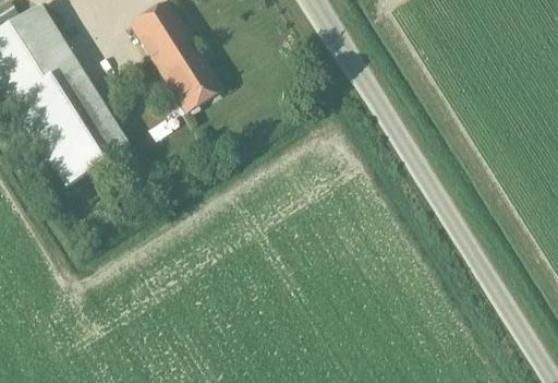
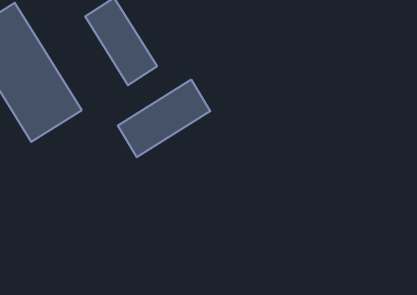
building: none -> [118,80,210,157]

